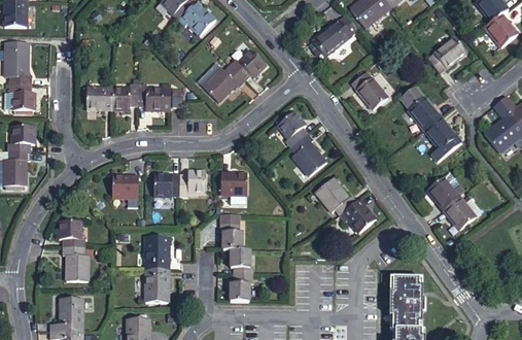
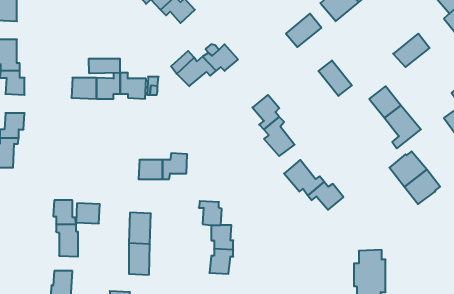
building: none -> [89,59,120,73]
building: [224,172,252,194] -> none
building: [112,174,138,196] -> [76,203,100,223]

